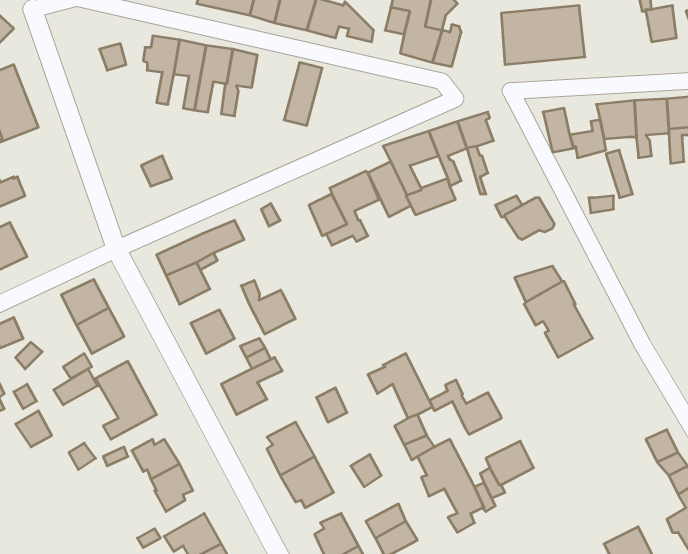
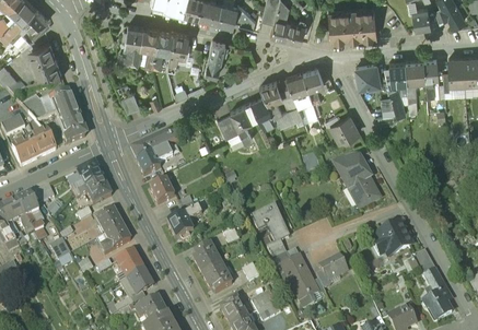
building: none -> [49,91,88,144]
building: [241,280,295,334] -> none
building: [429,380,501,434] -> none
building: none -> [374,222,412,256]

